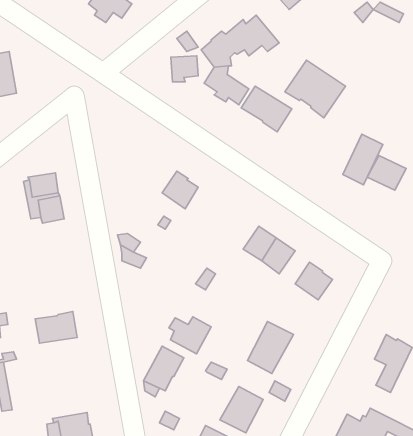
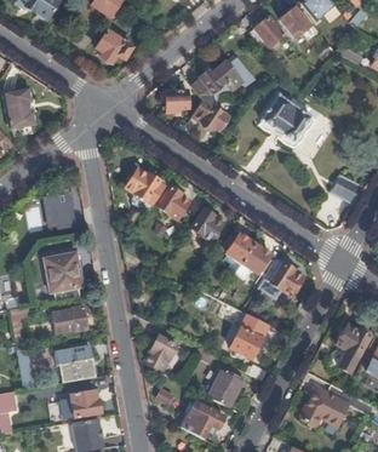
building: [241,86,292,132] -> none
building: [343,134,383,185] -> none
building: none -> [125,167,165,208]
building: none -> [191,208,223,240]
building: none -> [44,251,81,291]
building: [169,317,211,354] -> none
building: none -> [56,344,94,382]

